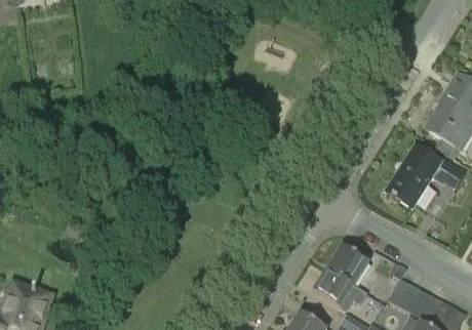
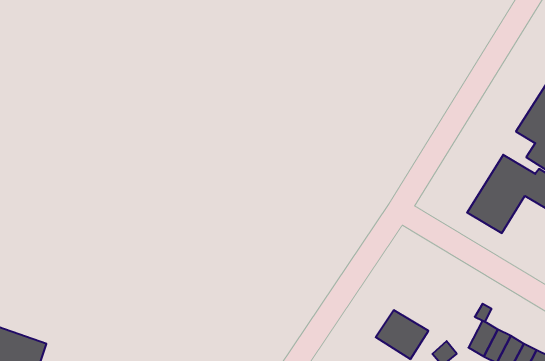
building: [327,245,369,285] -> none

